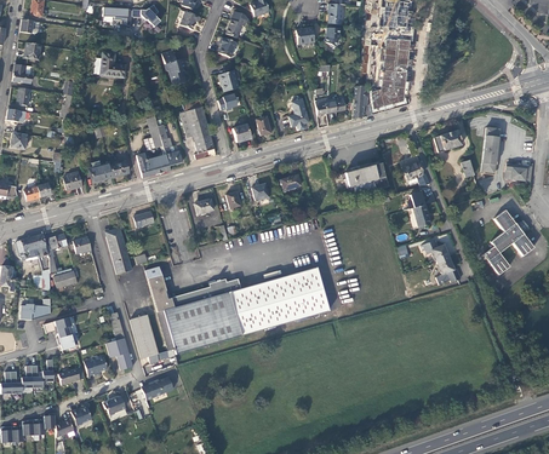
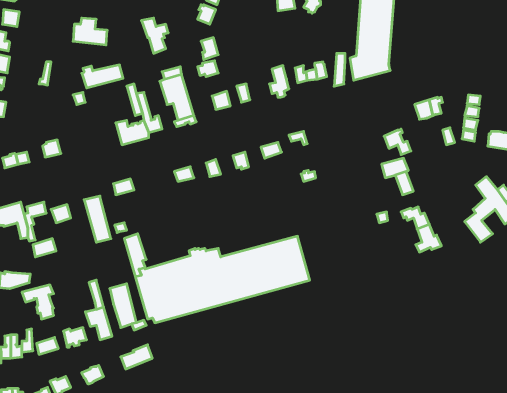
building: [91,159,132,182] -> [82,65,123,88]
building: [344,162,388,192] -> none

